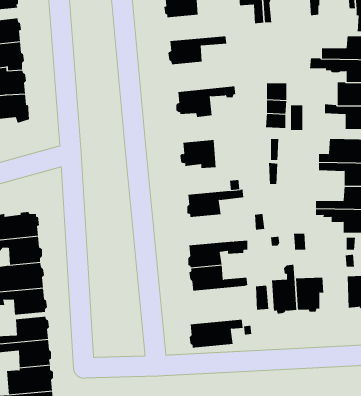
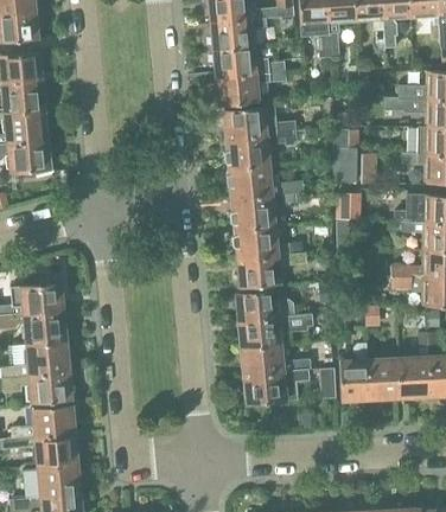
building: none -> [212,47,285,78]
building: none -> [222,107,295,139]
building: none -> [227,165,304,199]
building: none -> [231,225,276,261]
building: none -> [234,289,293,321]
building: none -> [396,358,429,399]
building: [189,319,244,348] -> [243,370,308,404]

